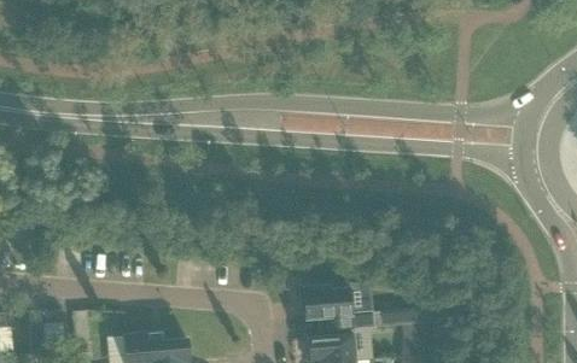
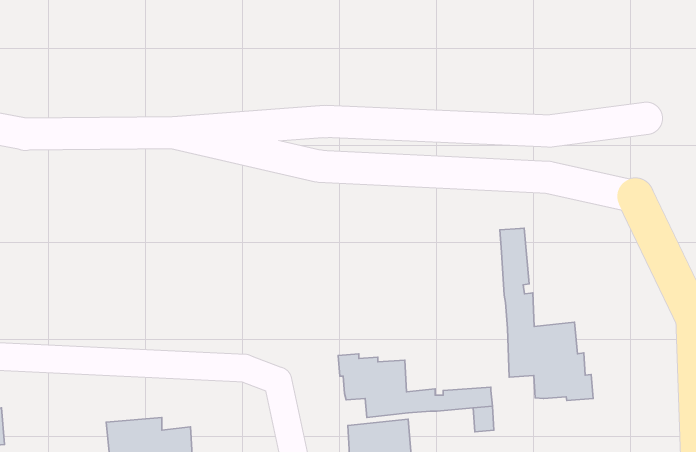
building: none -> [500,228,593,401]

